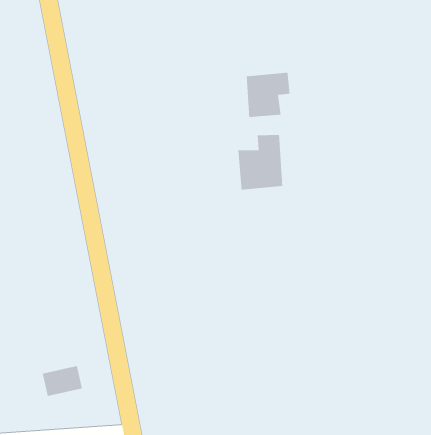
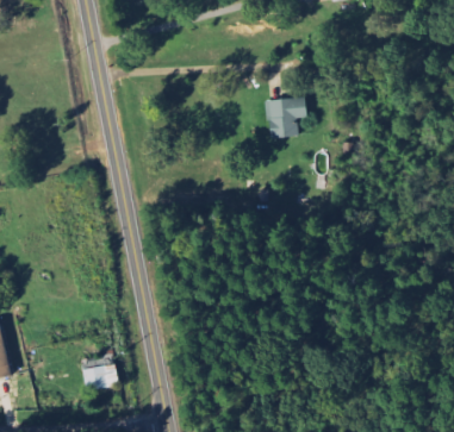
building: [237,134,283,191] -> none

